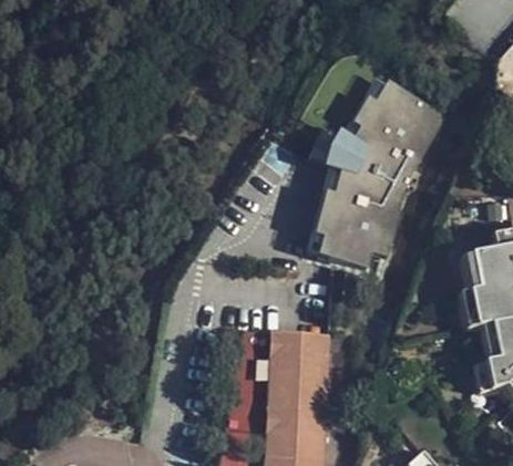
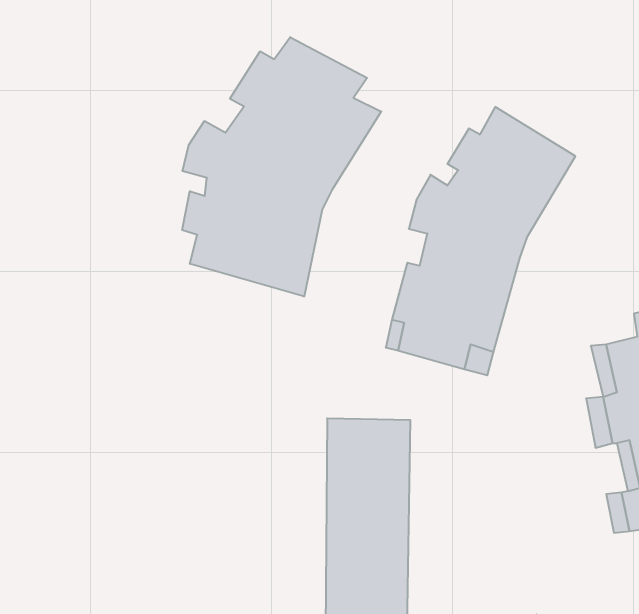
building: none -> [182,37,381,297]

